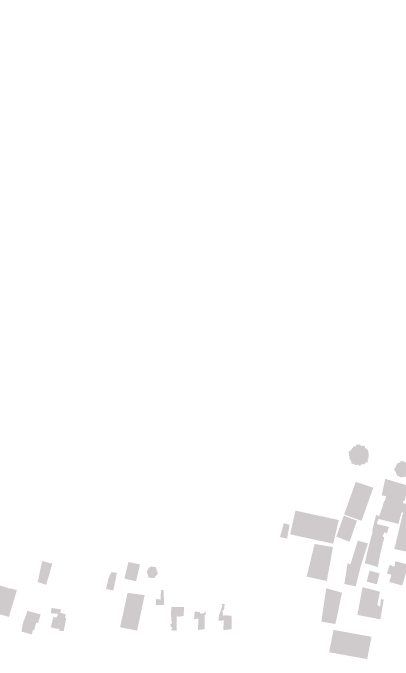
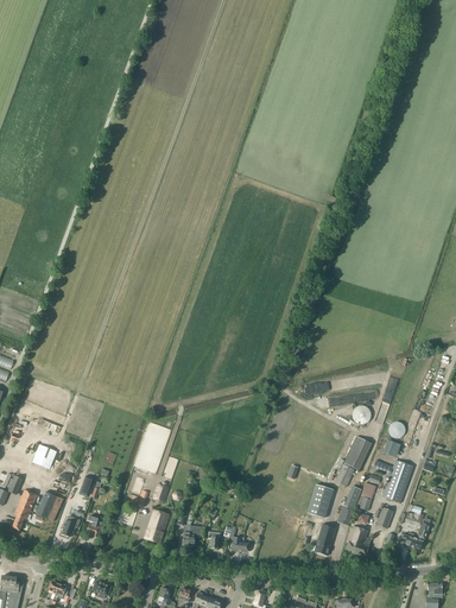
building: [289,510,340,545] -> none
building: [328,629,372,660] -> none

